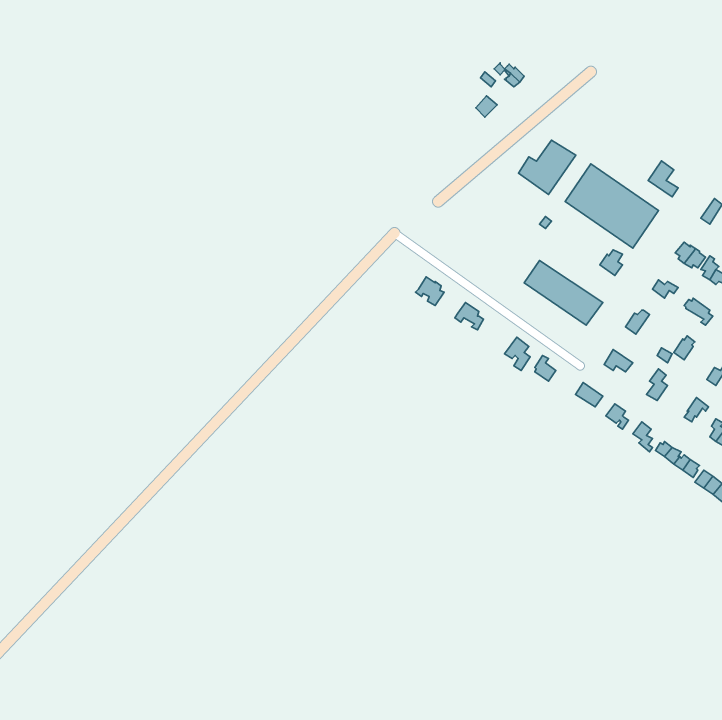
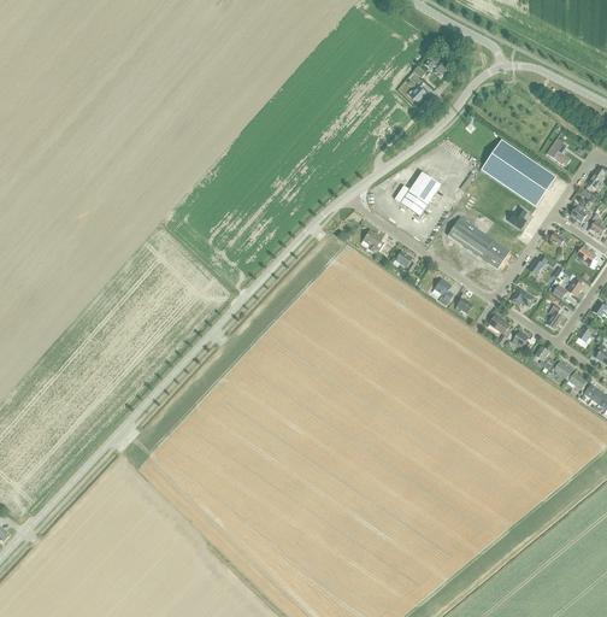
building: [518,140,576,194] -> [394,171,440,215]

